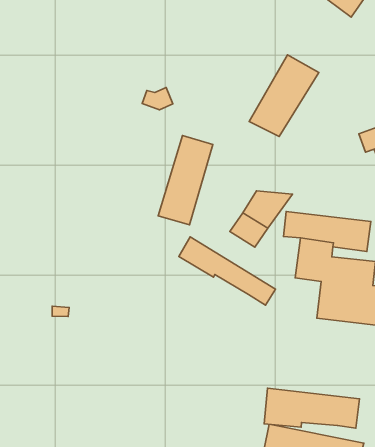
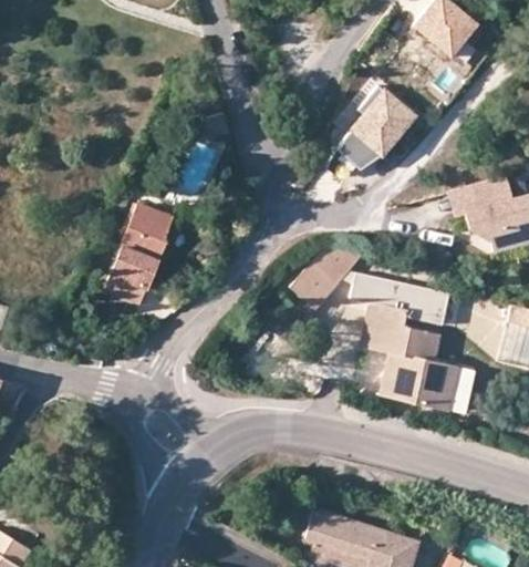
building: [158,136,213,225] -> [105,204,174,305]
building: [179,237,276,305] -> none
building: [264,388,359,428] -> none

